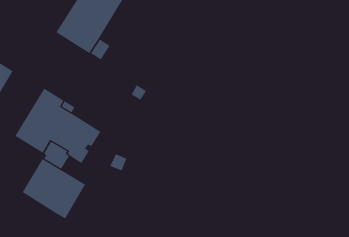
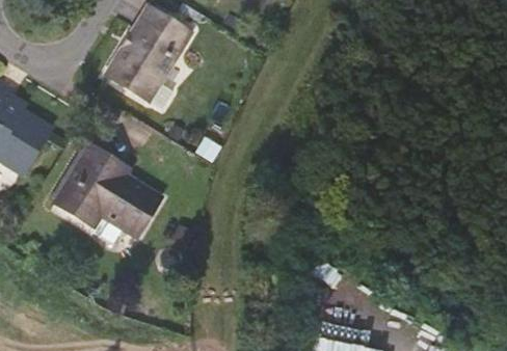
building: [22,158,86,220] -> none

